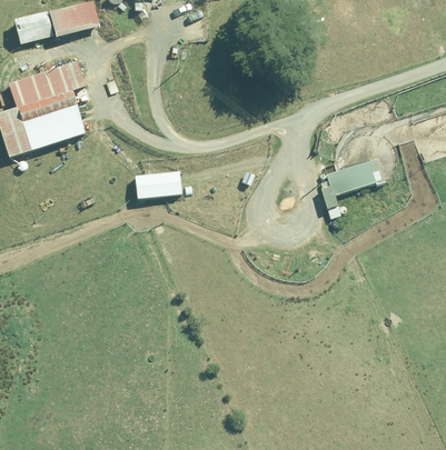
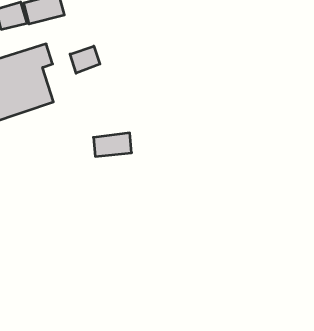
building: none -> [70,46,100,73]
building: [319,159,383,217] -> none

